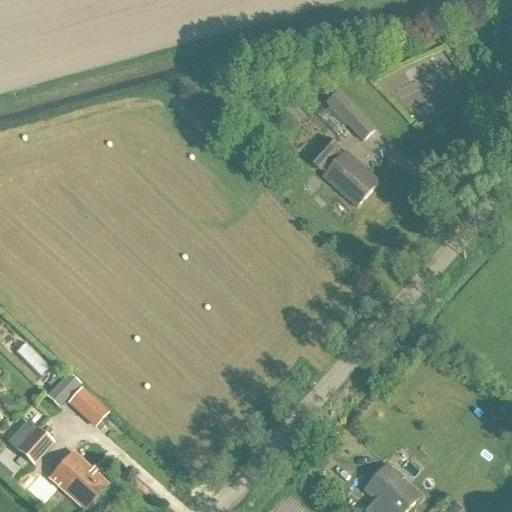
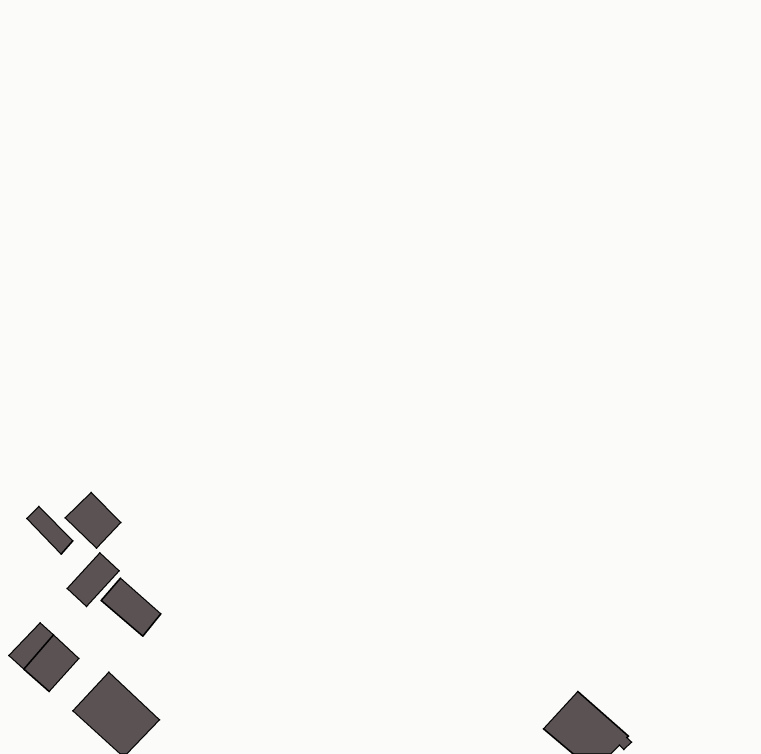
building: [328,91,375,139] -> none
building: [308,136,380,206] -> none
building: none -> [65,493,121,548]

